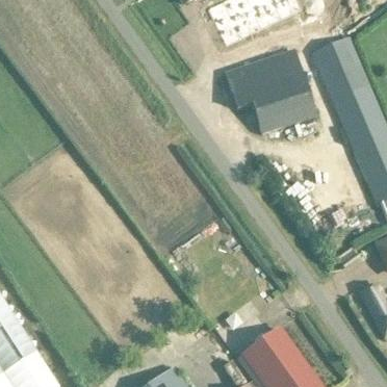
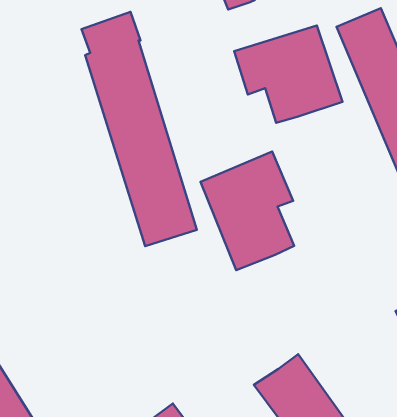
building: none -> [82,12,197,246]
building: none -> [201,152,294,270]

